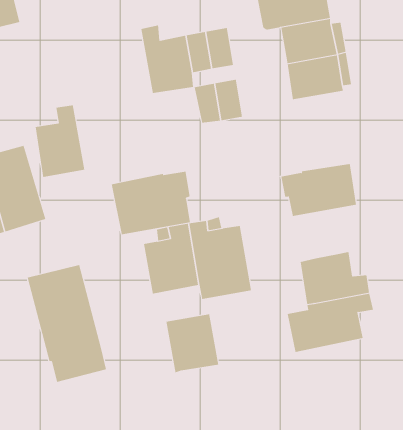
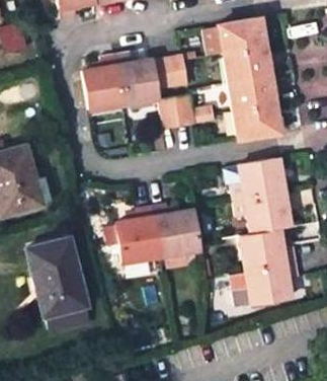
building: none -> [235,103,280,138]
building: [35,105,85,177] -> [86,55,126,111]
building: [111,171,190,235] -> none
building: none -> [235,193,292,234]
building: [166,313,219,373] -> none

